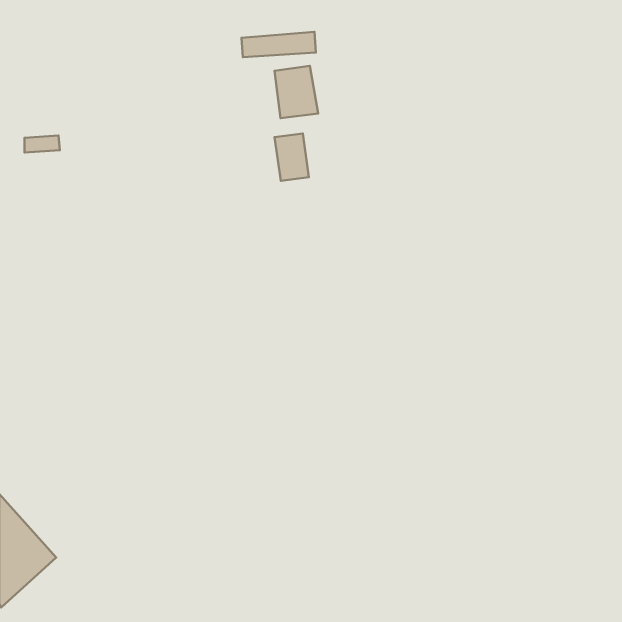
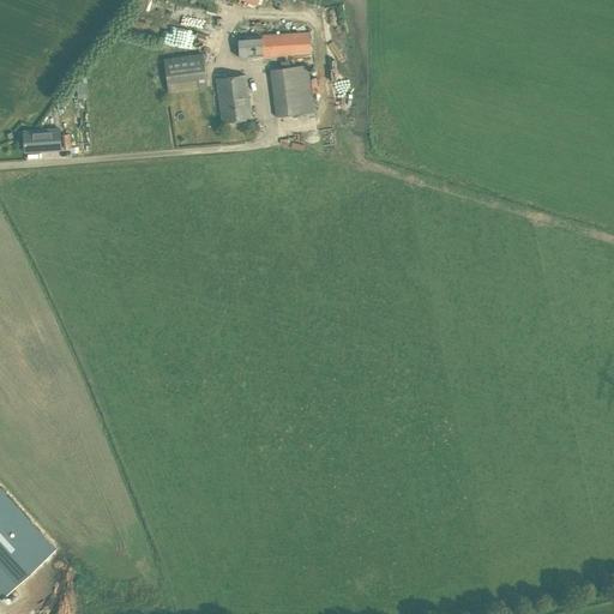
building: none -> [164,53,205,91]
building: [275,133,309,181] -> [216,74,249,121]

